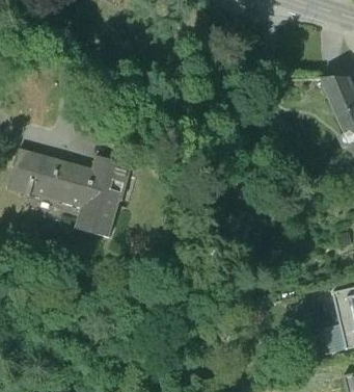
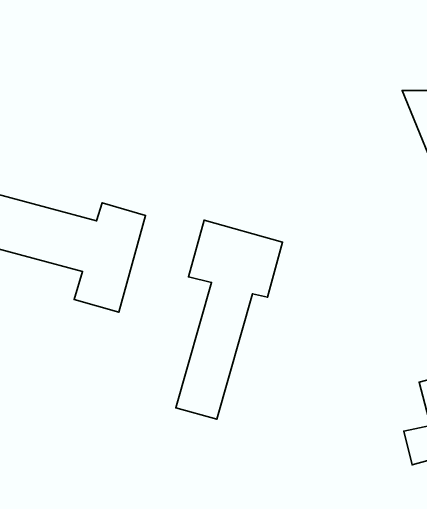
building: none -> [176,220,282,419]

